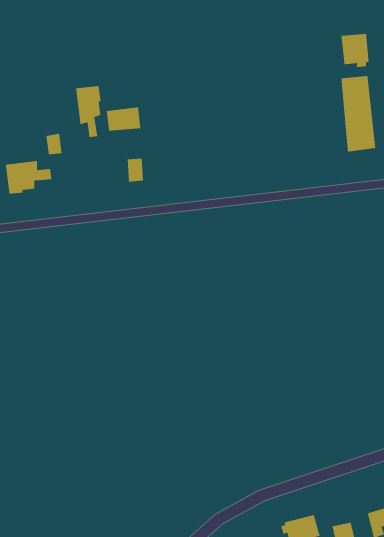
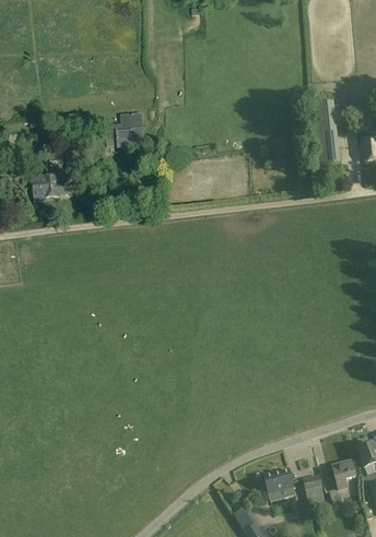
building: [341,33,370,68] -> none
building: [75,85,102,138] -> none

